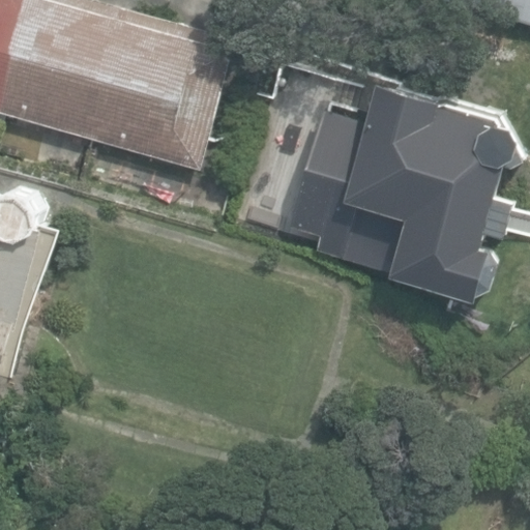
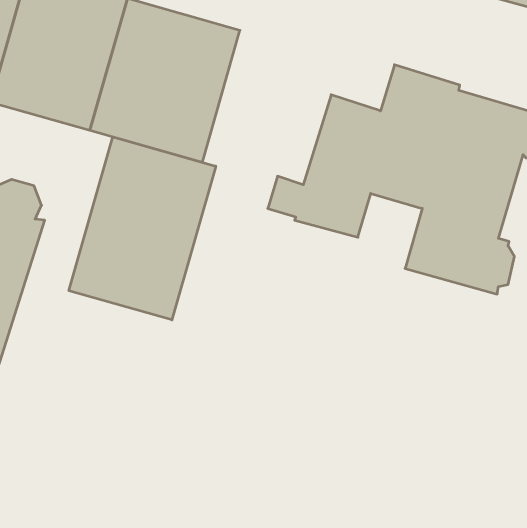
building: none -> [69,137,216,320]

